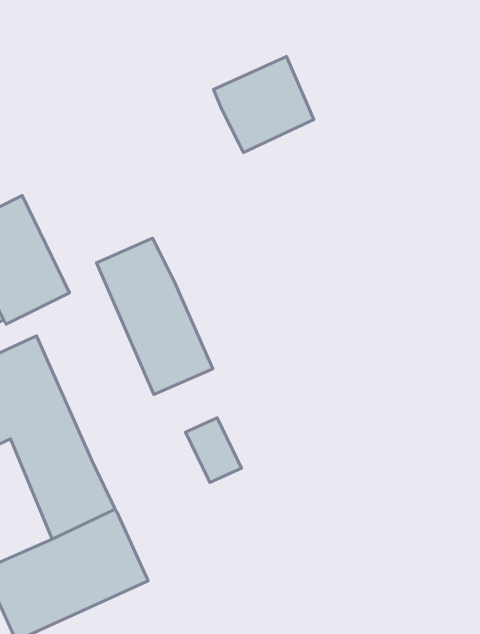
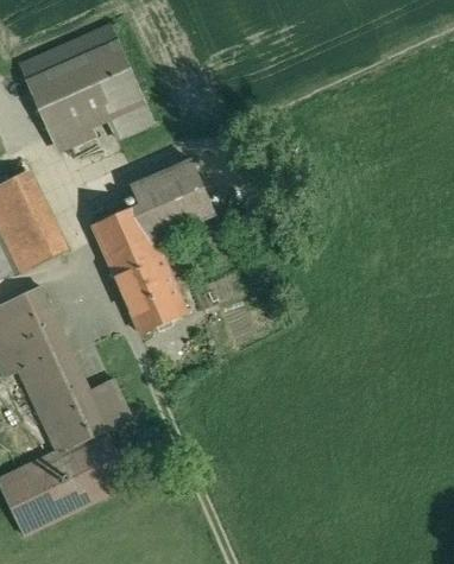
building: none -> [19,25,151,147]
building: [213,57,314,153] -> [130,159,213,239]
building: [186,418,241,482] -> [87,376,133,430]

